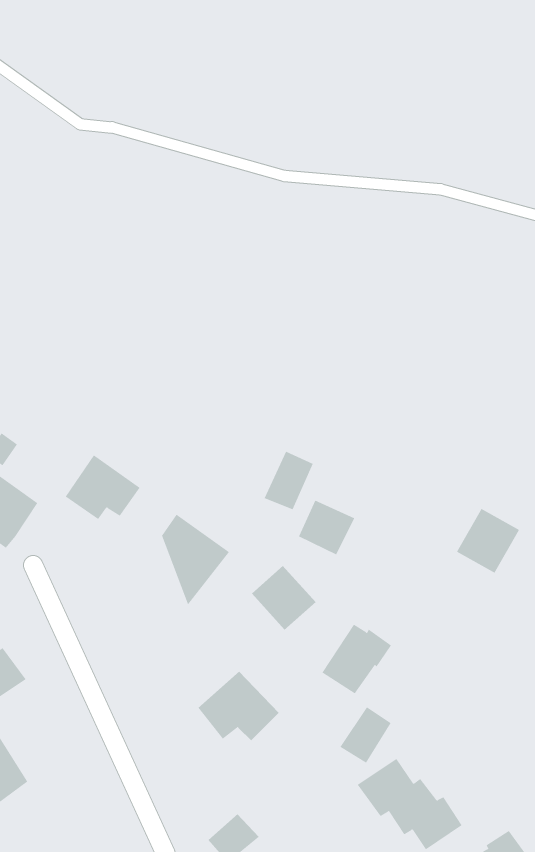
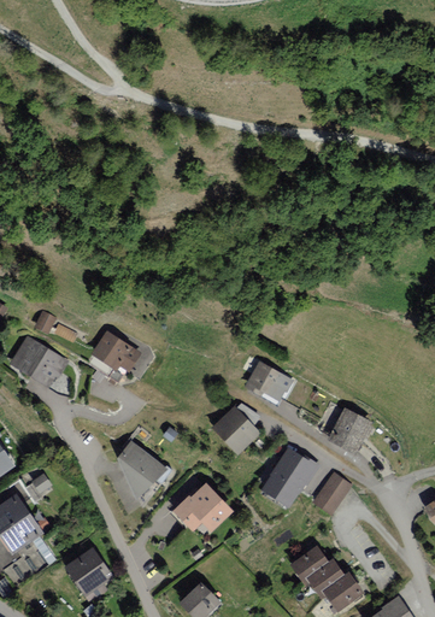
building: [264,451,314,510] -> none
building: [456,508,520,574] -> [329,407,375,454]
building: [161,514,230,606] -> [120,440,170,506]
building: [340,707,392,764] -> [313,474,351,515]
building: none -> [65,550,113,597]

